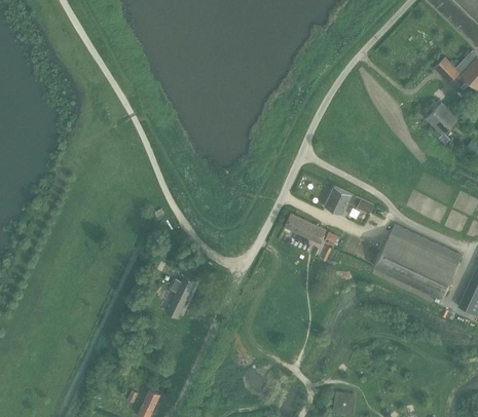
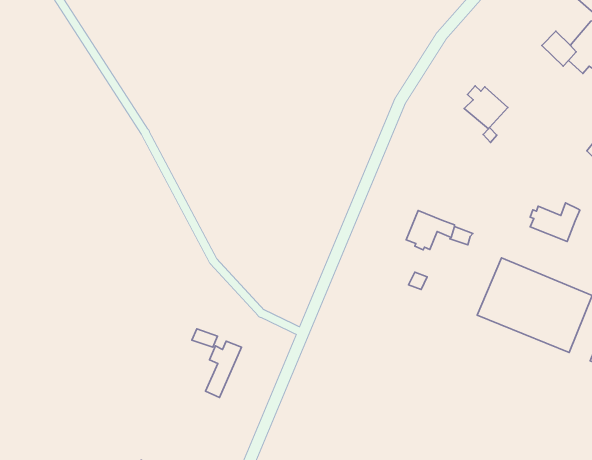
building: [426,102,458,145] -> [464,86,508,142]
building: none -> [530,203,580,242]
building: [284,214,327,244] -> none

